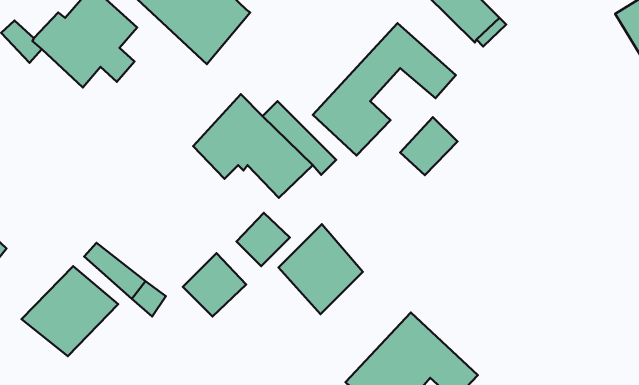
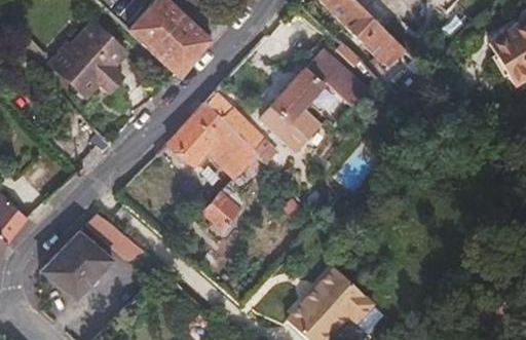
building: [400,117,457,175] -> none
building: [279,224,363,314] -> none
building: [183,253,246,317] -> none

